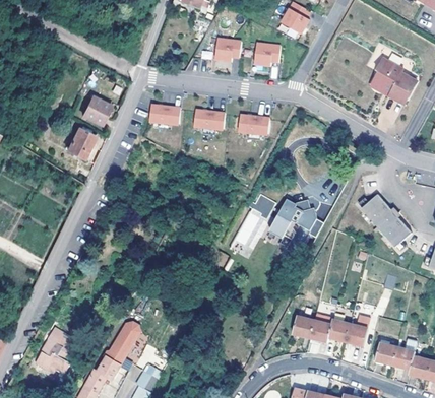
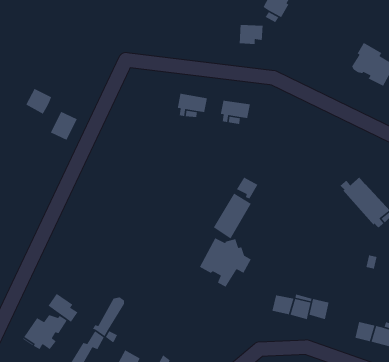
building: [216,38,243,60] -> none
building: [82,97,110,125] -> [25,88,52,115]
building: [150,104,182,126] -> none
building: [271,199,325,251] -> [199,237,252,288]
building: [346,313,370,344] -> none
building: none -> [47,293,78,323]

